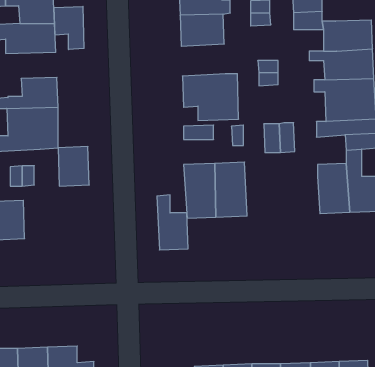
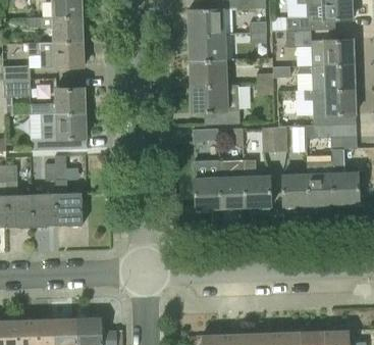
building: [54,6,84,50] -> none
building: none -> [191,59,228,87]
building: [58,147,89,186] -> [56,192,83,226]
building: none -> [282,172,309,205]
building: [157,195,188,250] -> [245,159,271,206]

